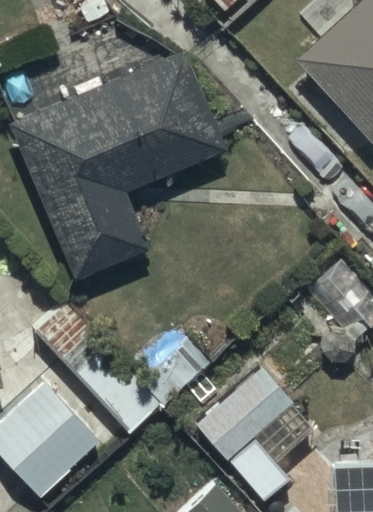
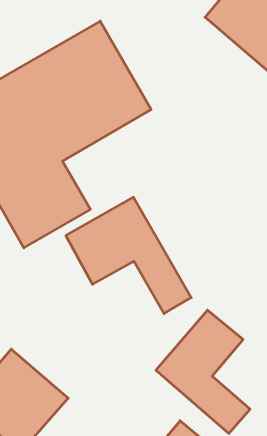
building: none -> [66,197,191,314]

